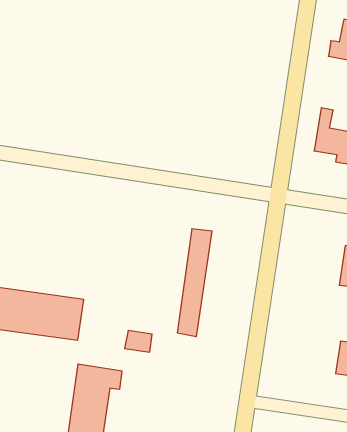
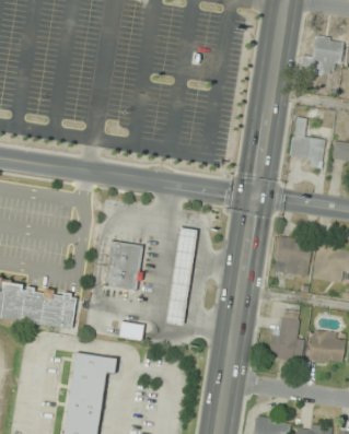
building: none -> [274,237,312,275]
building: none -> [102,239,140,291]
building: none -> [268,309,304,361]

